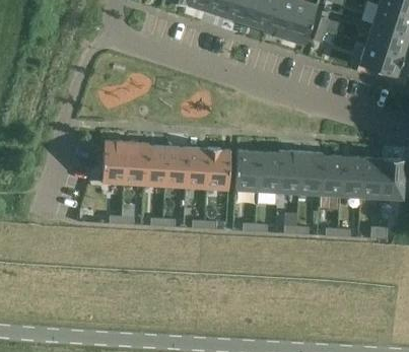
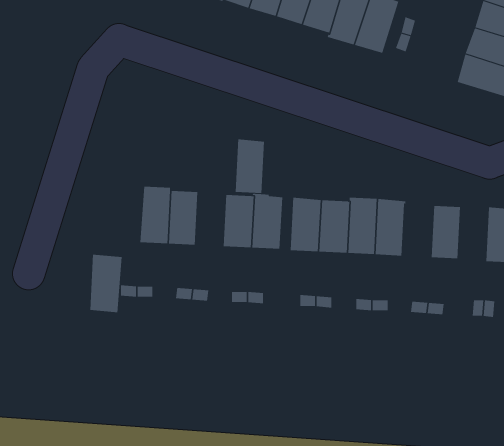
building: [103,140,127,184] -> [90,254,122,313]
building: [165,146,188,187] -> [235,139,265,194]
building: [319,155,342,195] -> none
building: [360,157,383,198] -> none

